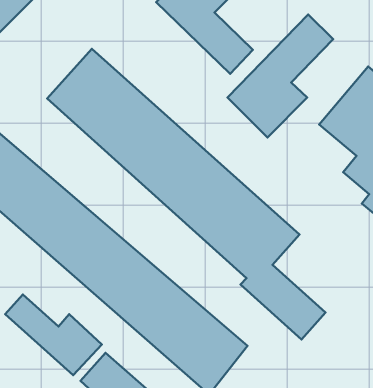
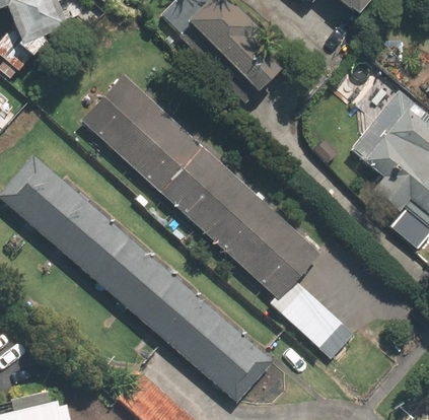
building: [228,15,333,137] -> none
building: [5,295,102,375] -> none

